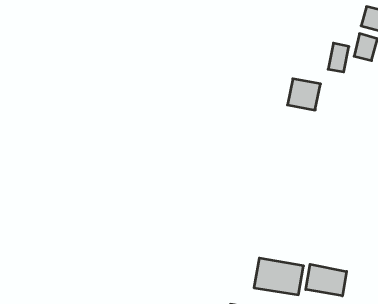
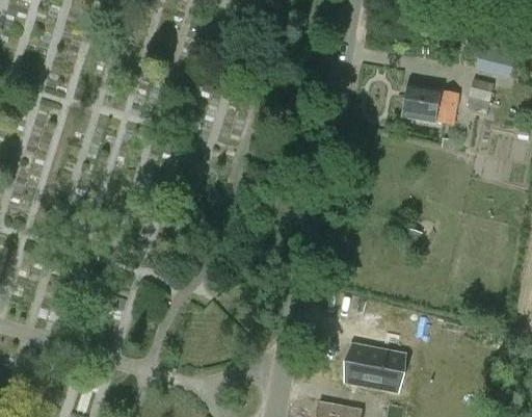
building: [287,79,321,110] -> [401,84,441,122]
building: [306,264,347,296] -> none

